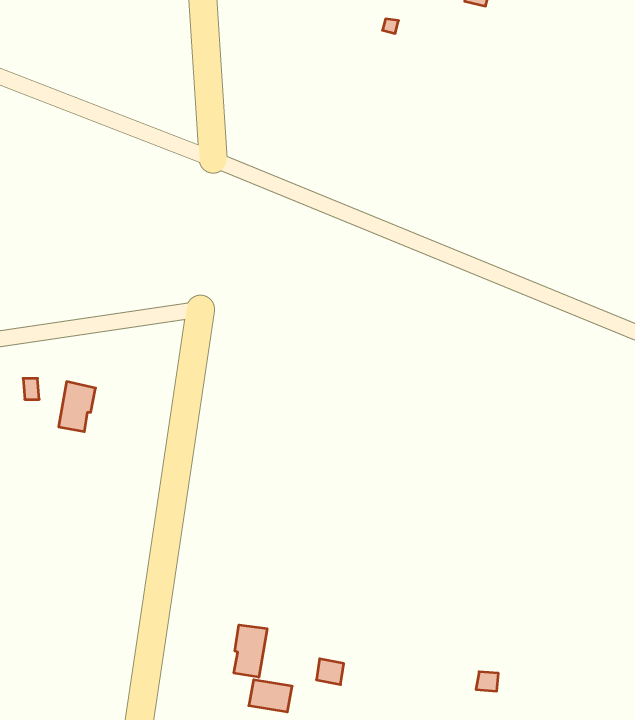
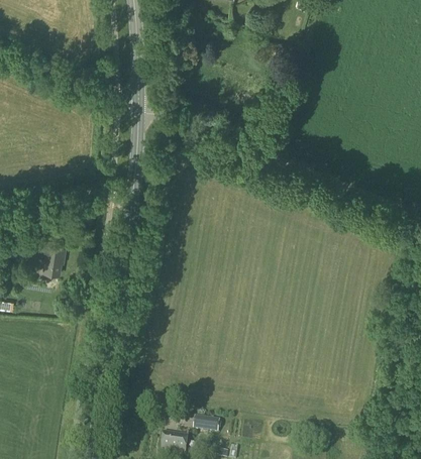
building: [234,625,267,677] -> none

